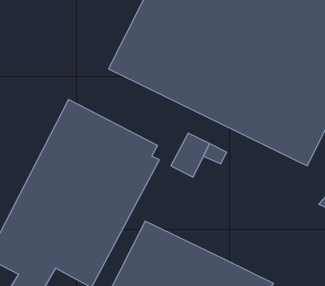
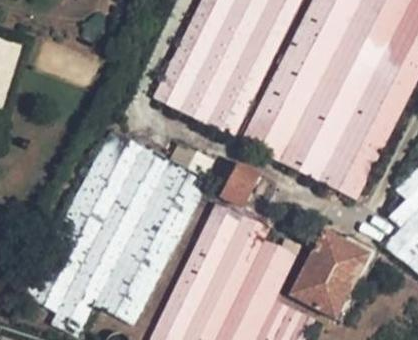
building: none -> [190,209,294,297]
building: none -> [291,232,366,316]

